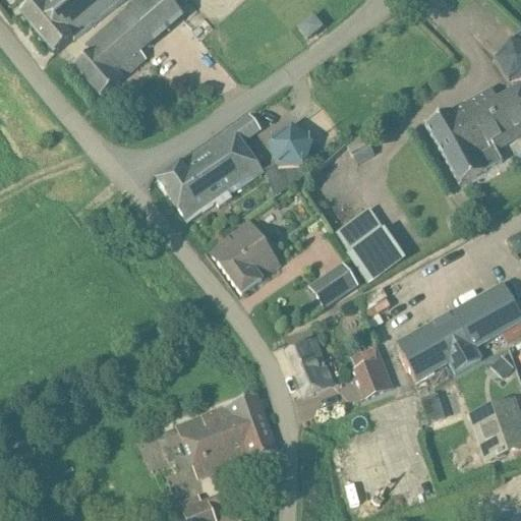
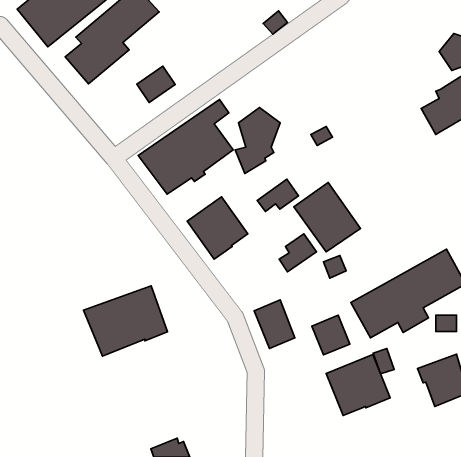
building: none -> [137,66,175,102]
building: [426,88,503,184] -> none
building: none -> [257,179,299,211]
building: [182,396,277,475] -> [83,286,167,356]
building: none -> [326,354,390,415]

